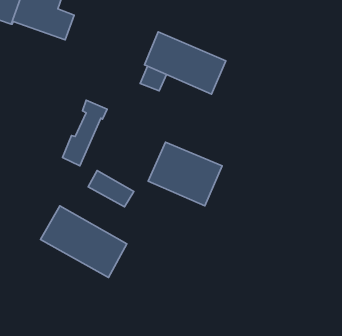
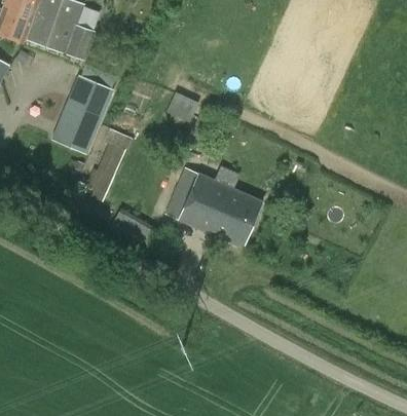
building: [144,32,226,94] -> none
building: none -> [58,76,117,153]
building: [41,206,127,277] -> none

